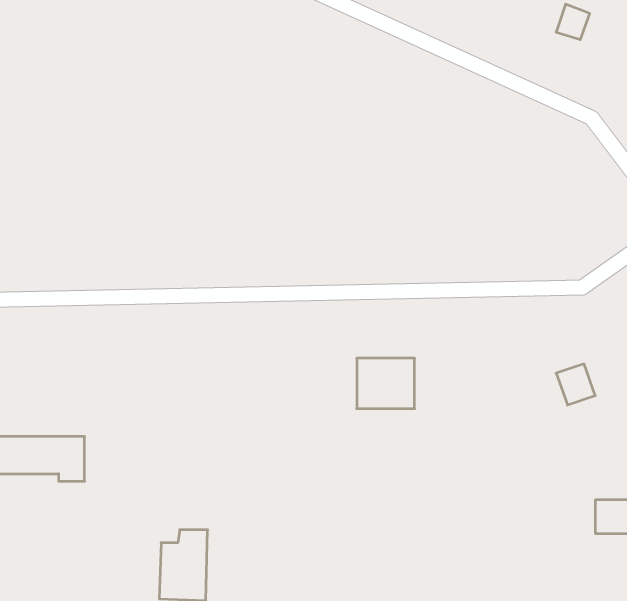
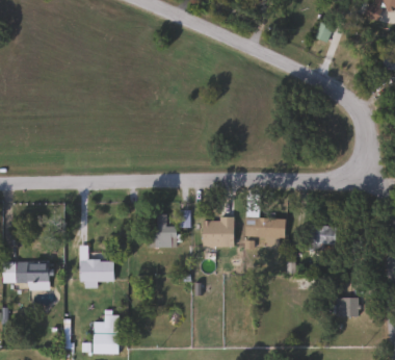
building: none -> [247,216,285,236]
building: none -> [148,225,177,248]
building: none -> [79,247,113,285]

